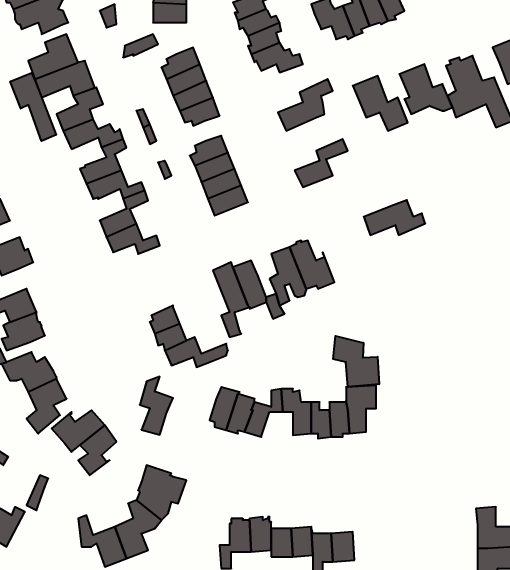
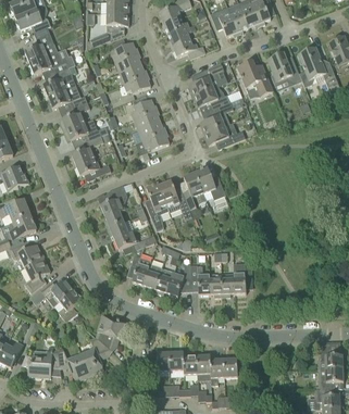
building: [10,73,56,141] -> none
building: none -> [194,85,230,109]
building: [364,200,425,235] -> [204,122,245,145]
building: none -> [100,185,127,216]
building: [333,336,379,387] -> none
building: [140,377,173,435] -> [130,247,152,285]
building: none -> [21,349,60,377]

